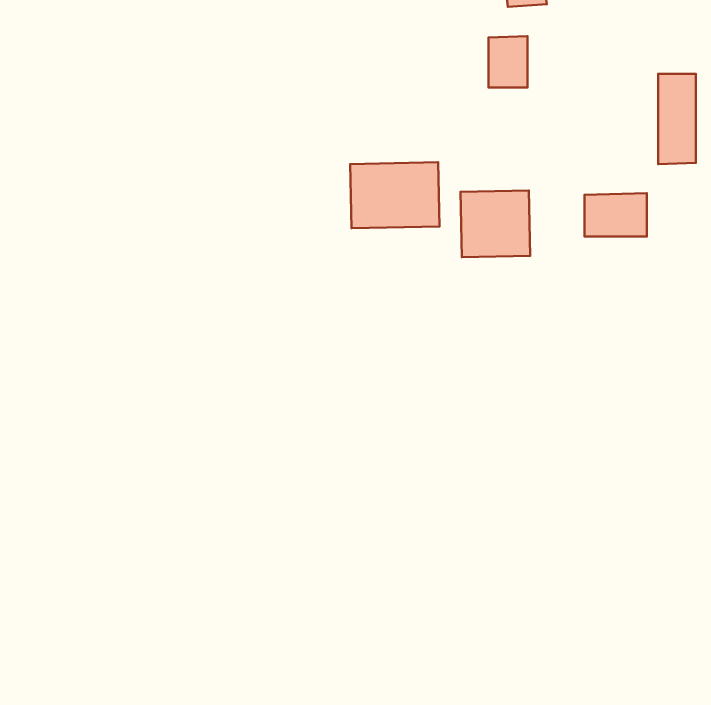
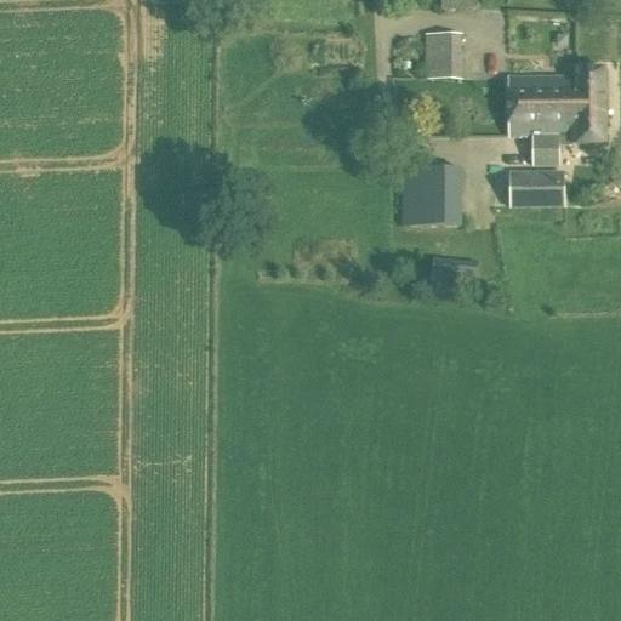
building: none -> [507,72,574,165]
building: [350,162,439,228] -> none

